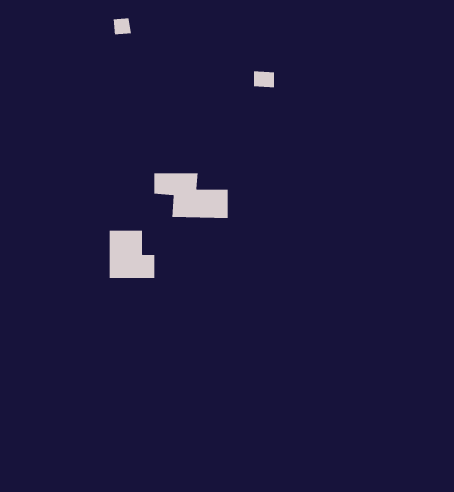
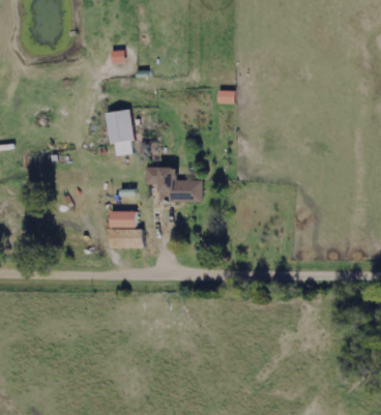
building: none -> [105,110,134,155]

